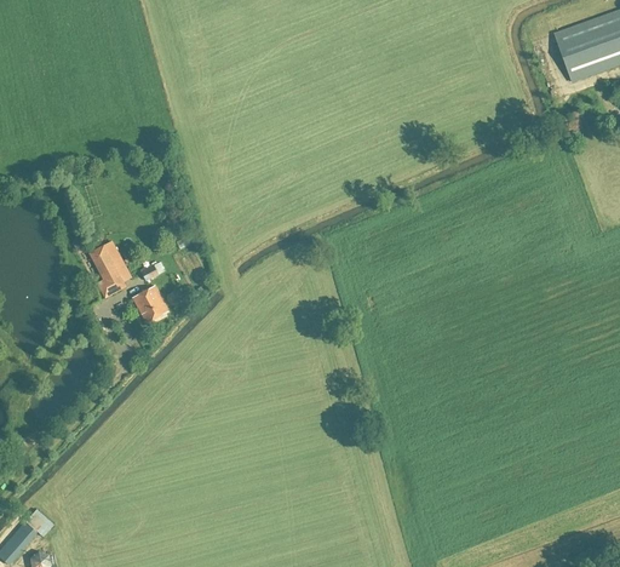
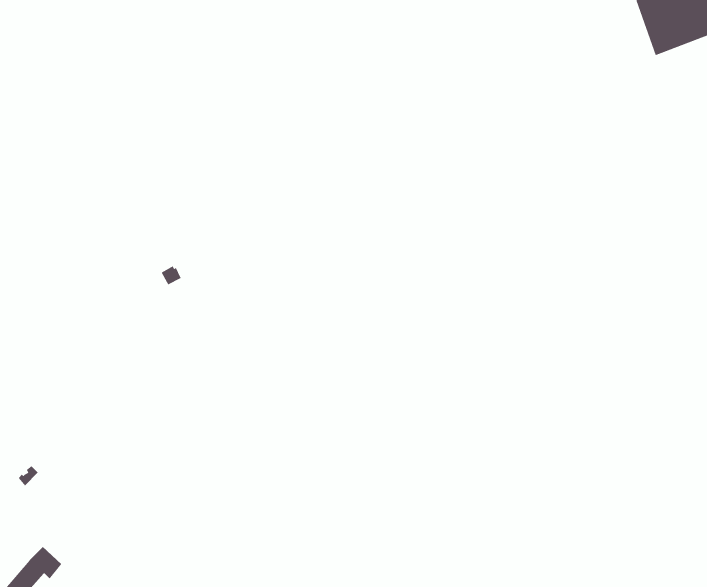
building: [88,244,127,298] -> none
building: [133,285,168,322] -> none

